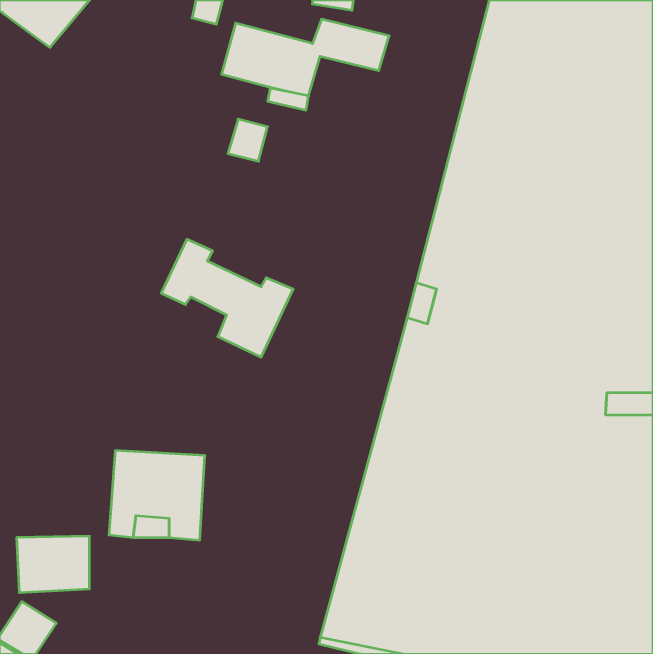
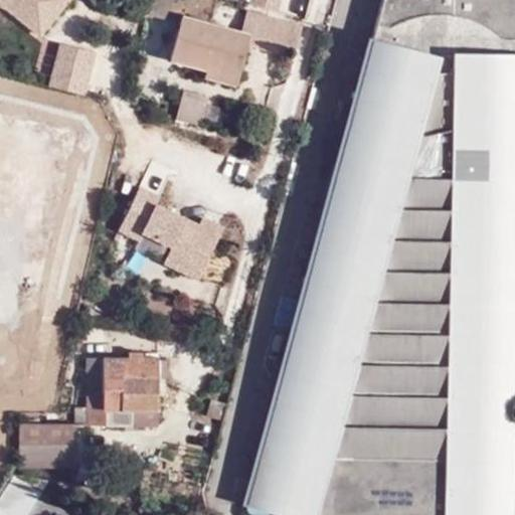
building: none -> [46,41,95,94]

